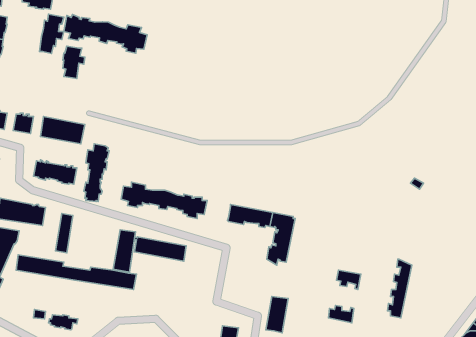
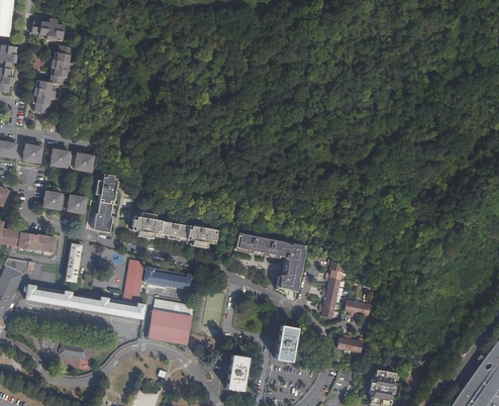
building: [64,14,147,53] -> none
building: [63,46,85,78] -> [32,80,55,112]
building: [388,259,412,318] -> [319,261,343,319]
building: none -> [147,299,193,345]

